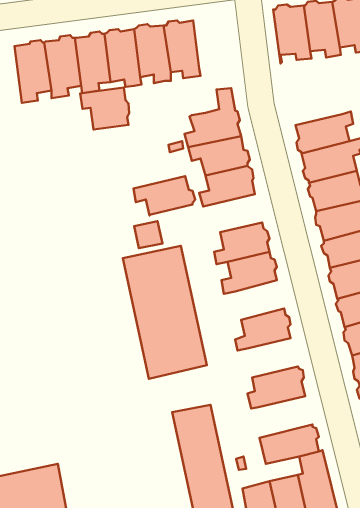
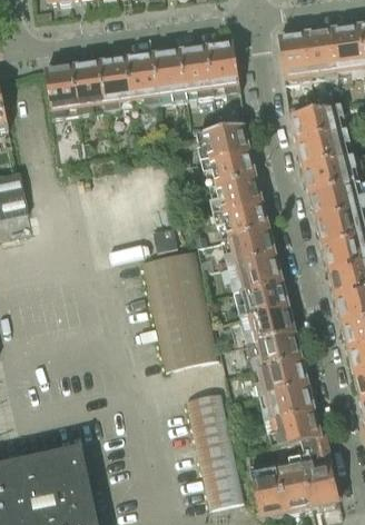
building: none -> [205,42,239,95]
building: none -> [289,102,344,141]
building: [80,88,129,129] -> none
building: [133,176,195,216] -> [214,204,269,239]
building: none -> [237,281,287,319]
building: none -> [249,334,299,372]
building: none -> [260,386,313,424]

